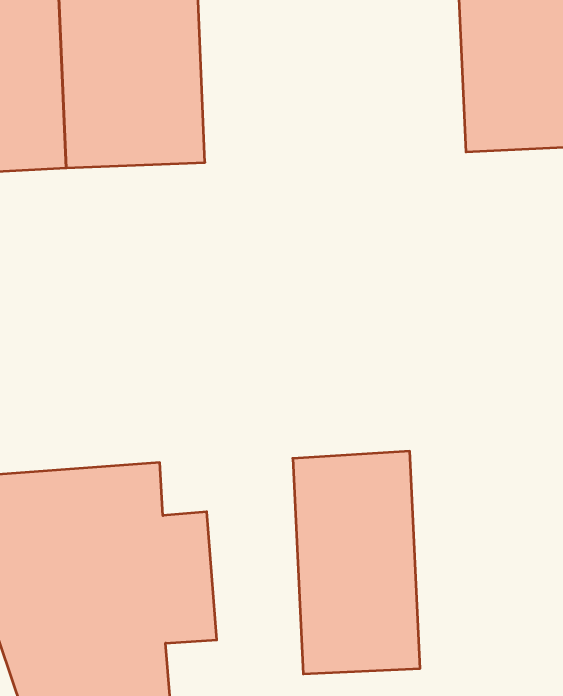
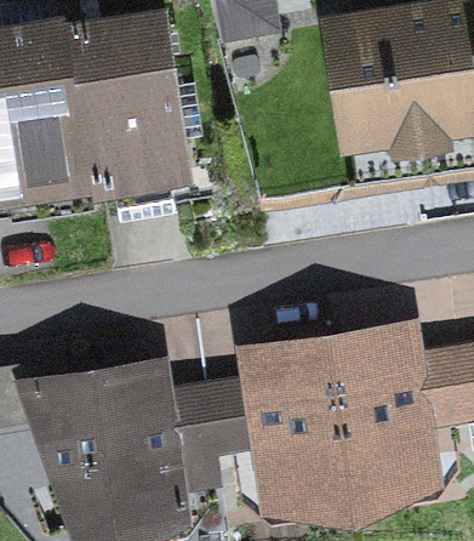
building: none -> [330,338,427,492]

